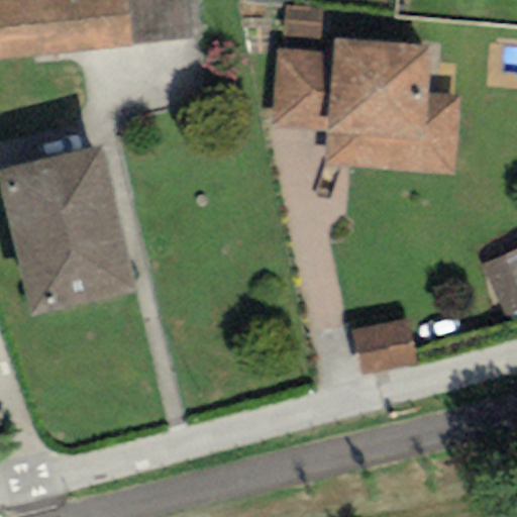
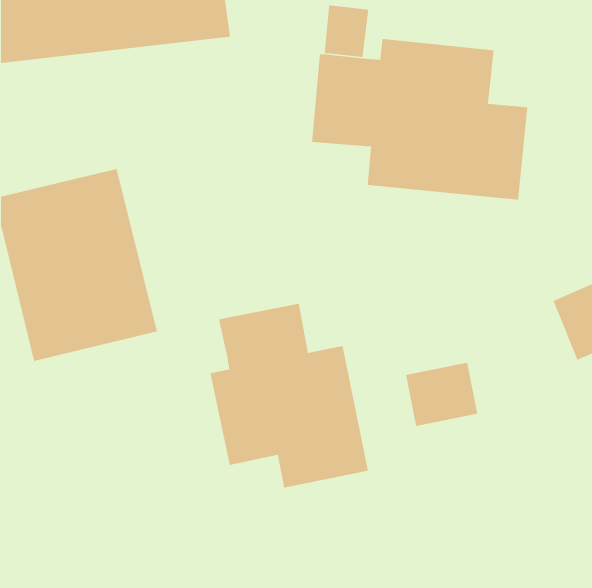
building: none -> [210,303,369,488]

